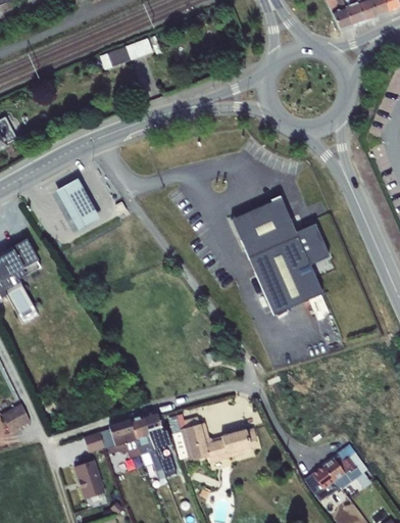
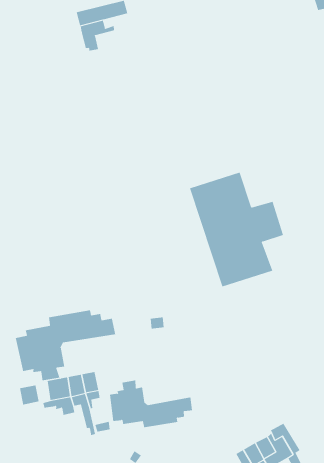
building: none -> [80,20,115,51]
building: [49,181,101,223] -> none
building: none -> [15,309,116,381]
building: [73,459,106,498] -> none

